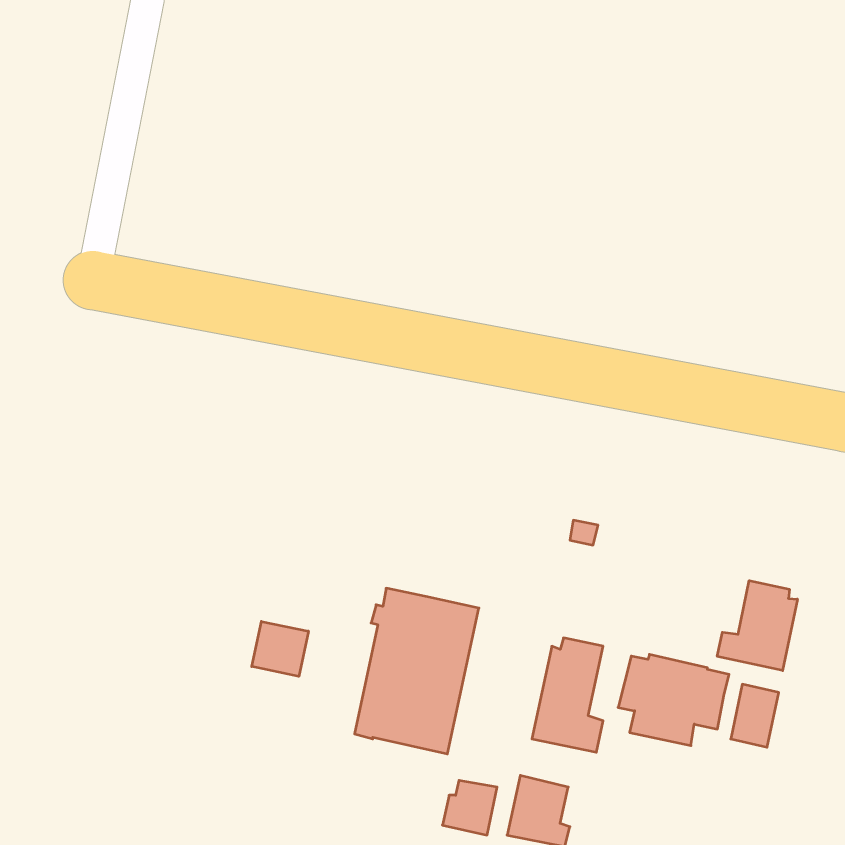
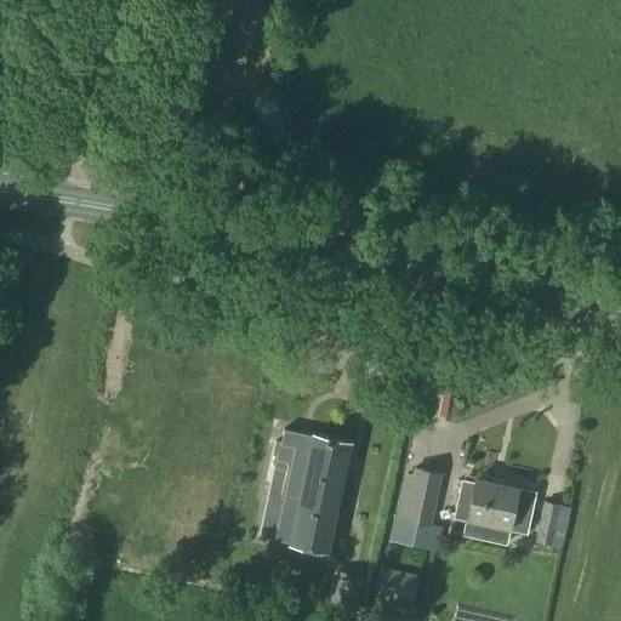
building: [717,581,797,671] -> none
building: [252,621,308,676] -> none

